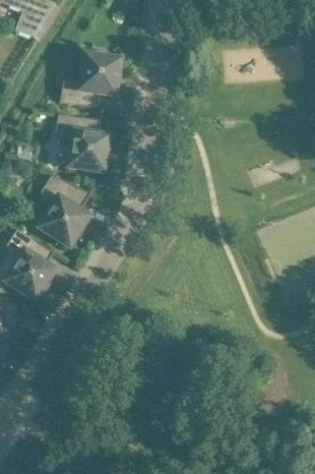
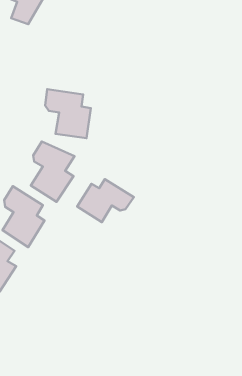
building: [59,54,120,108] -> none
building: none -> [77,179,134,222]

